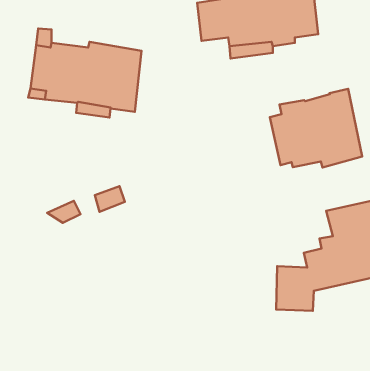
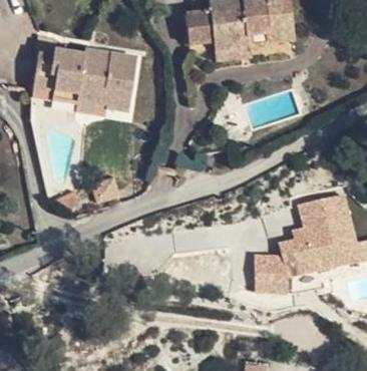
building: [270,89,362,168] -> none

